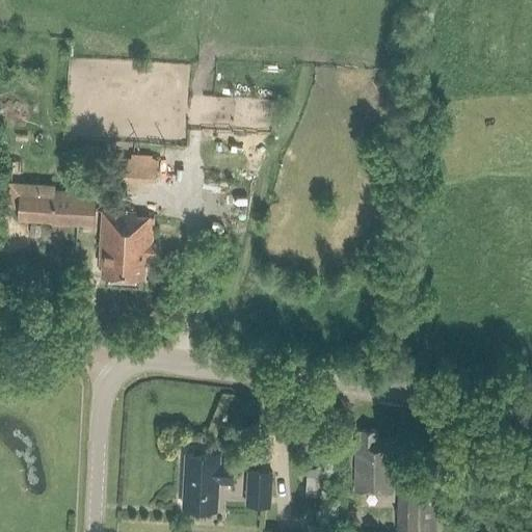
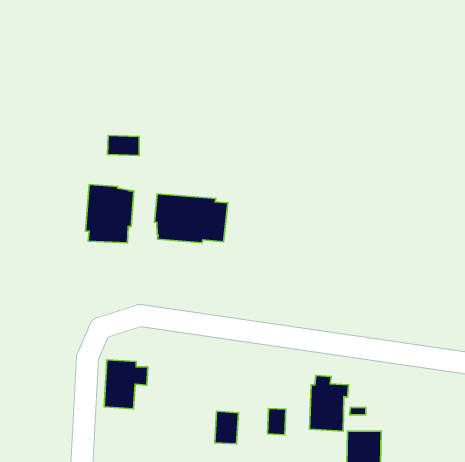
building: [8,184,95,231] -> none
building: none -> [155,194,228,243]
building: [183,456,233,512] -> [104,360,148,409]

